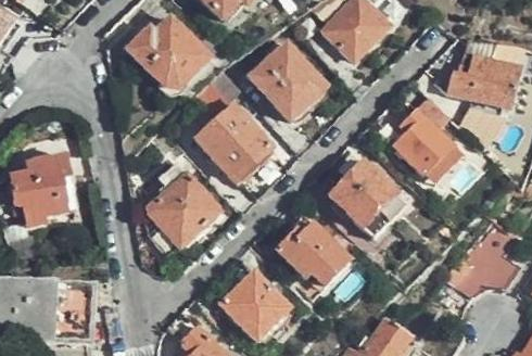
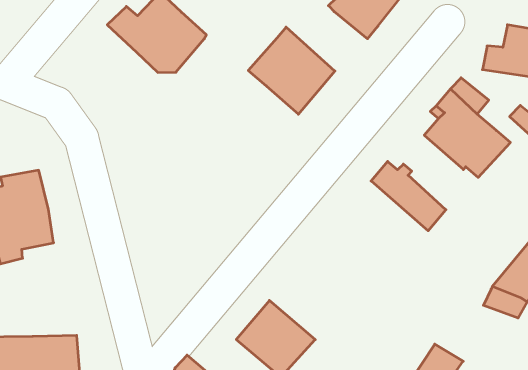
building: [192,69,271,186] -> none
building: [141,167,215,257] -> none
building: [329,180,390,240] -> none
building: [273,226,349,288] -> none

